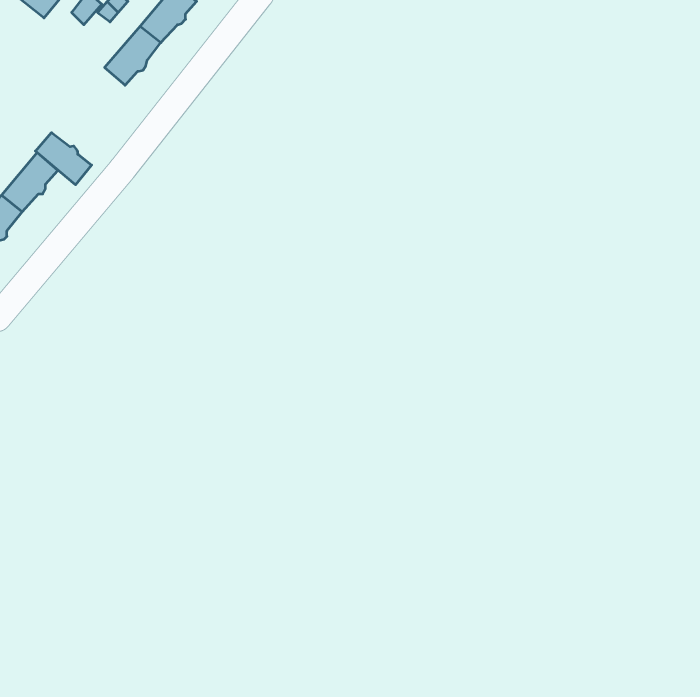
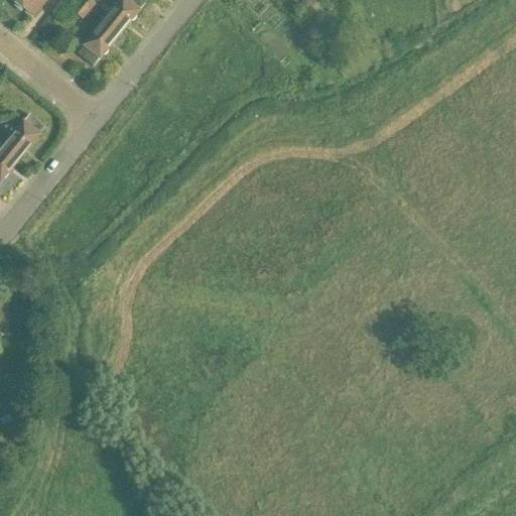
building: [35,133,92,185] -> none

